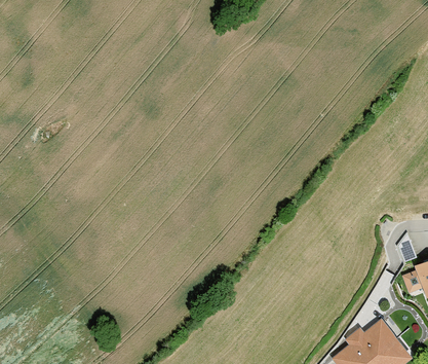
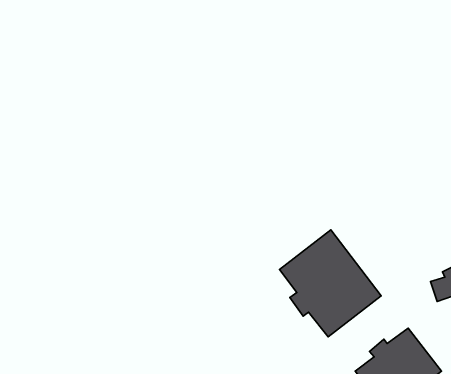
building: none -> [279,230,381,337]

